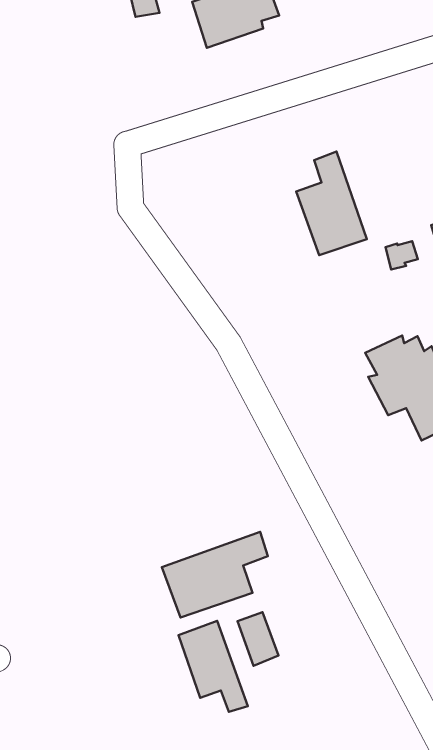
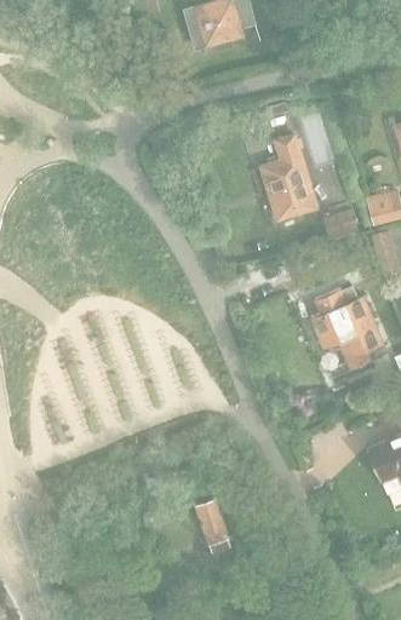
building: [162,532,268,618] -> none
building: [179,621,248,712] -> none

